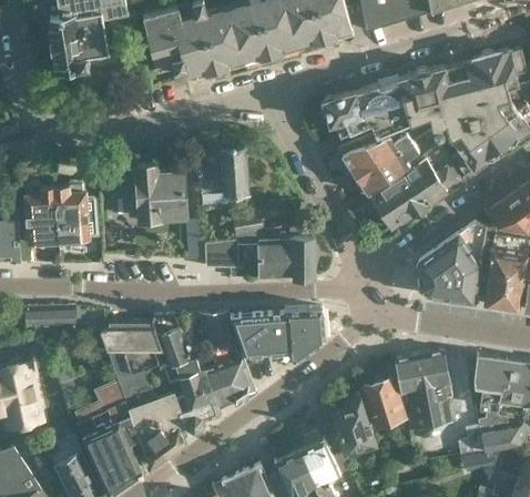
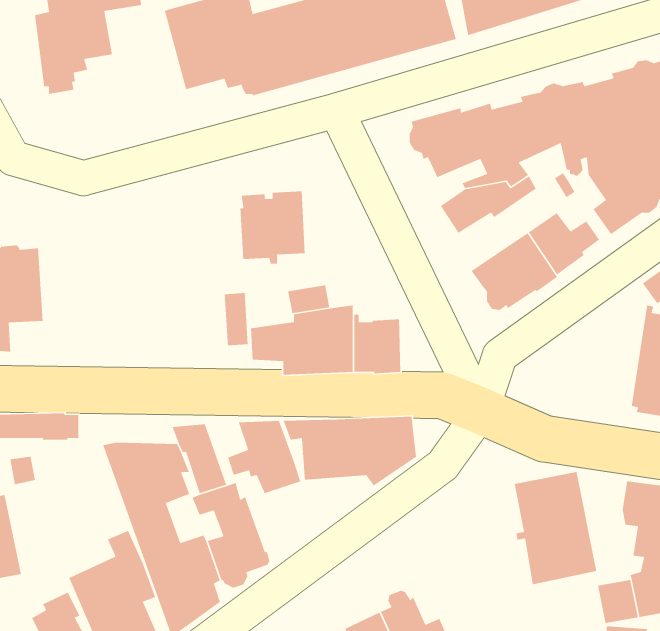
building: [355,145,418,196] -> none
building: [129,165,185,220] -> none
building: [53,182,98,241] -> none
building: [415,223,490,304] -> none
building: [203,356,255,406] -> none
building: [361,378,402,426] -> none
building: [330,397,374,453] -> none

